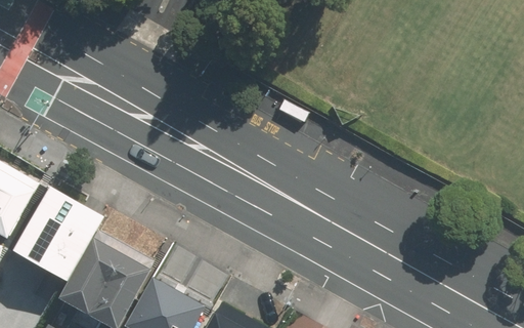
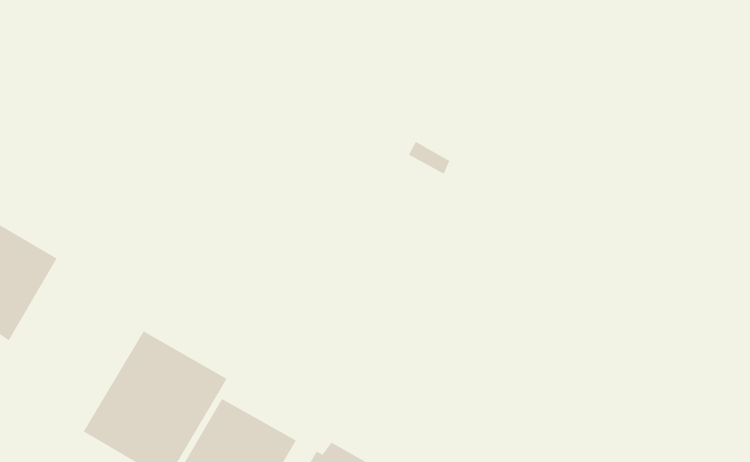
building: [10,184,100,280] -> none

